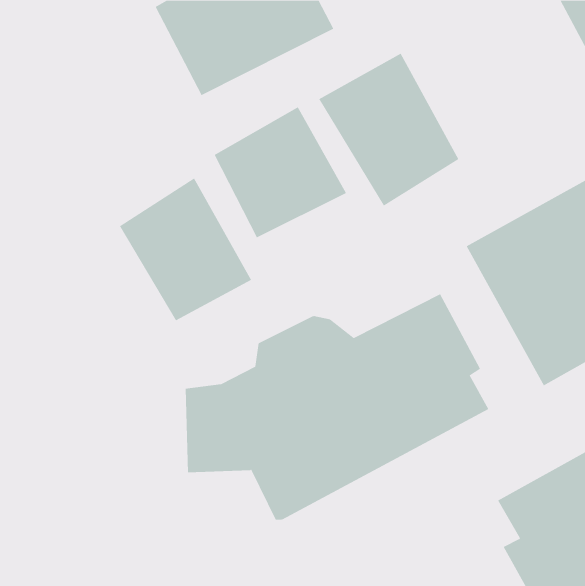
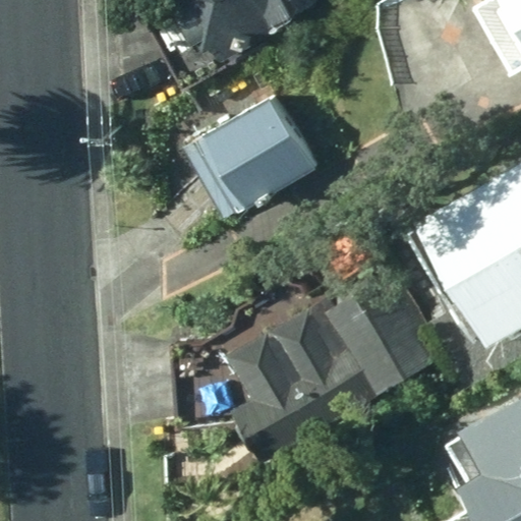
building: [318,53,459,206] -> none
building: [119,177,252,321] -> none

